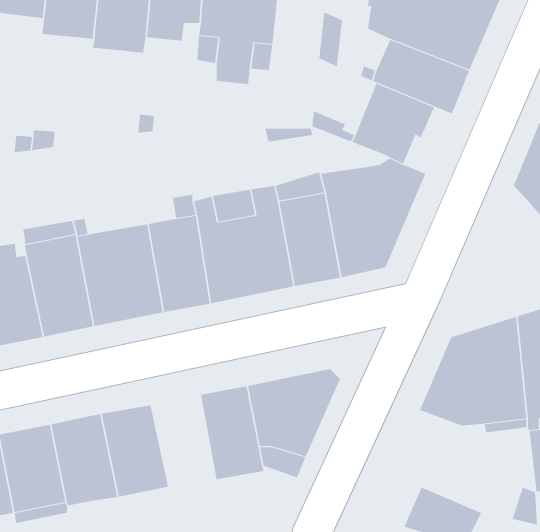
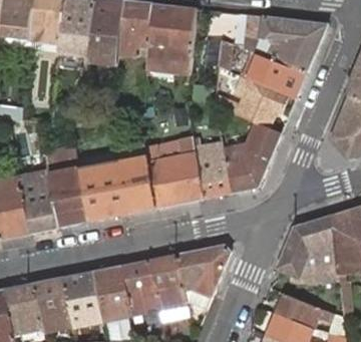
building: none -> [121,260,158,315]
building: none -> [277,294,333,328]

